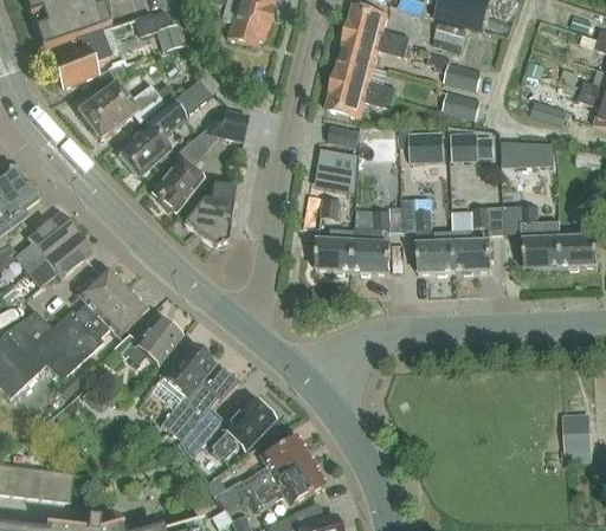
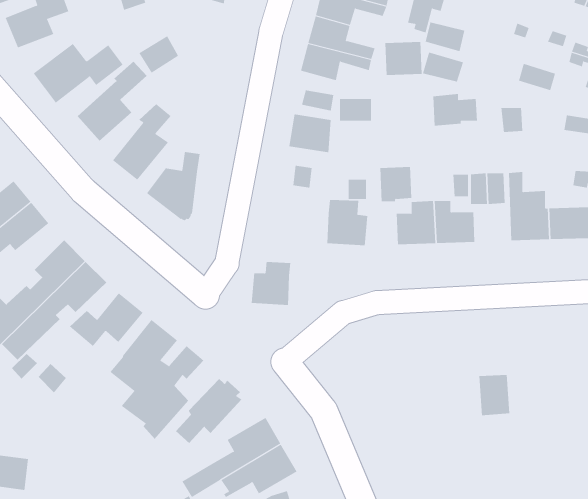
building: [193,110,249,149] -> none
building: [410,130,445,162] -> [385,41,422,75]
building: [317,229,355,271] -> [251,261,291,306]
building: [563,414,593,453] -> [478,374,510,416]

